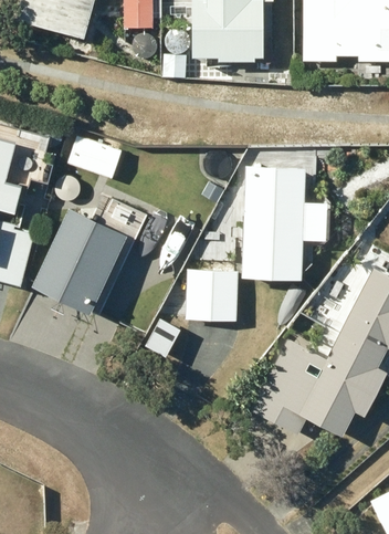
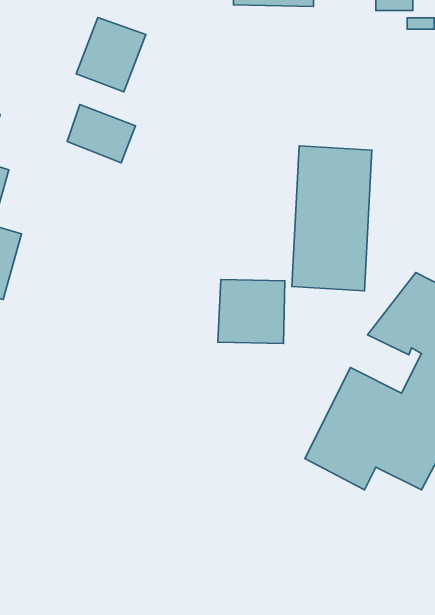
building: none -> [76,17,146,92]
building: [32,208,135,314] -> none

